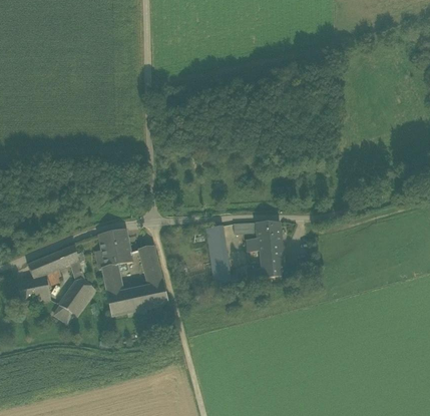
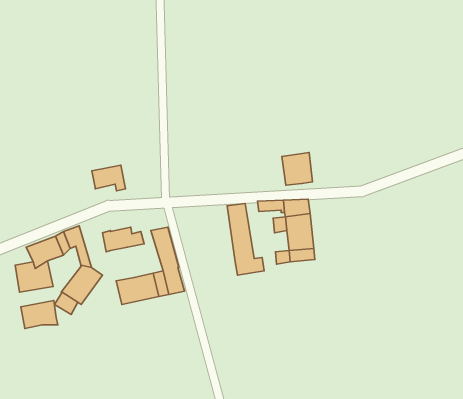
building: none -> [282,153,312,185]
building: [98,229,128,252] -> [92,165,125,191]
building: [101,264,122,294] -> none
building: none -> [21,300,58,329]

